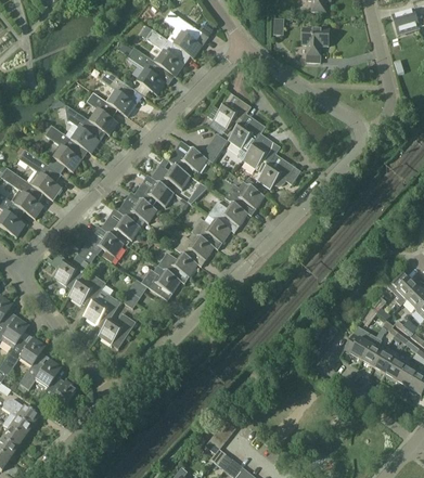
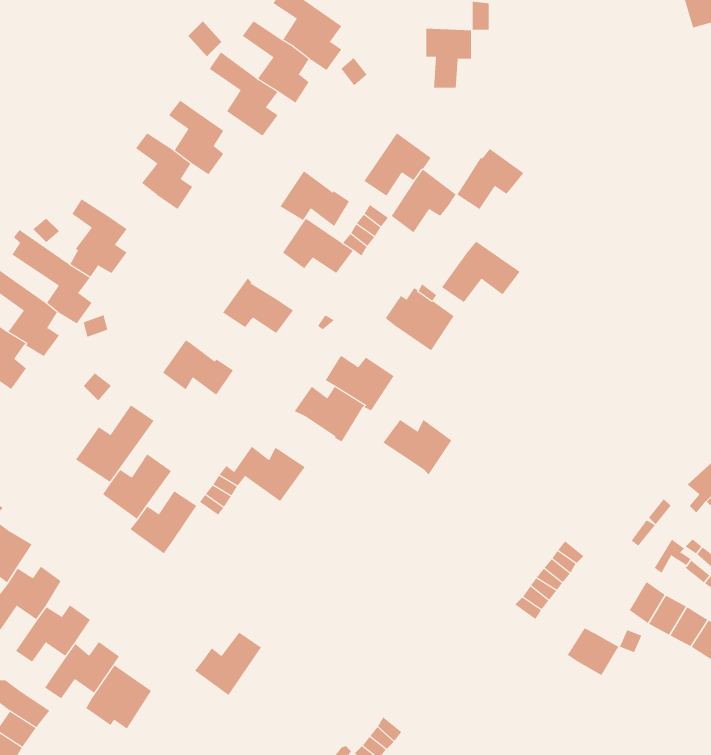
building: [304,28,330,62] -> [426,28,472,88]
building: [69,111,101,154] -> none
building: [244,133,282,168] -> [457,148,524,210]
building: [152,157,192,189] -> [278,171,350,227]
building: [118,191,158,222] -> none
building: [209,201,248,232] -> [382,419,452,475]
building: [85,224,126,256] -> none
building: [158,251,198,282] -> none
building: [99,312,137,348] -> [194,632,262,696]
building: [344,333,373,360] -> [567,628,619,676]
building: none -> [86,664,152,729]

